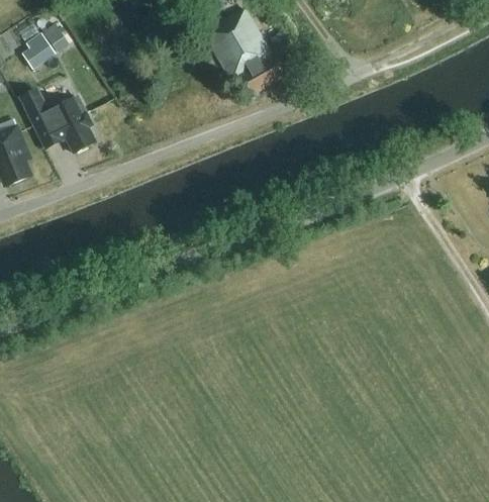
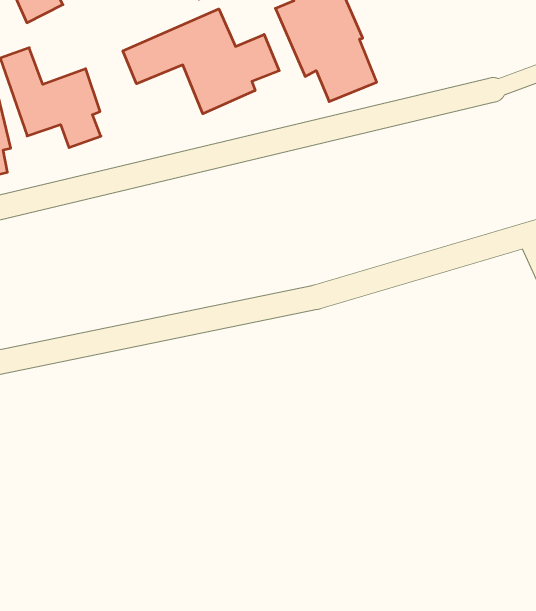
building: none -> [123,9,279,114]

